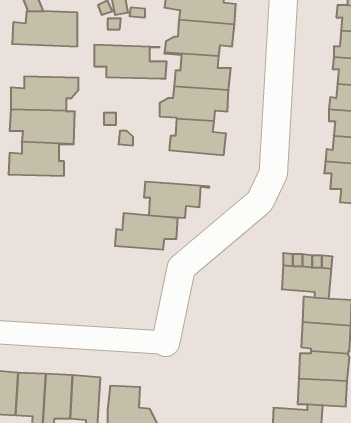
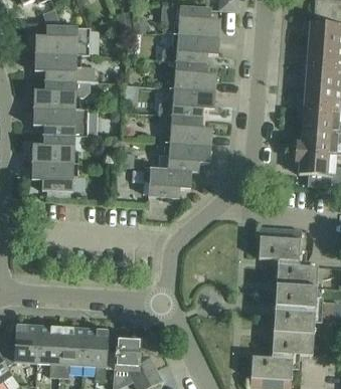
building: [94,45,167,79] -> [34,53,95,81]
building: none -> [31,162,77,191]
building: [115,213,178,250] -> [158,142,210,172]

